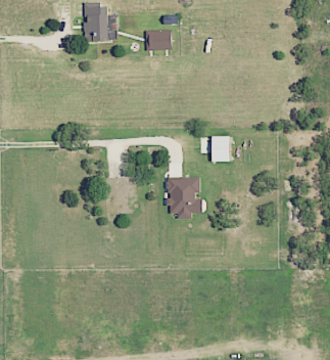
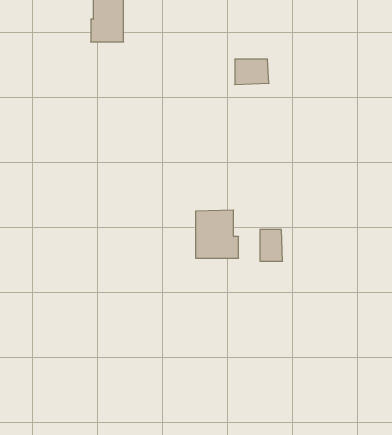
building: [145,30,173,50] -> [235,59,269,85]
building: [213,136,231,162] -> [260,230,283,261]

